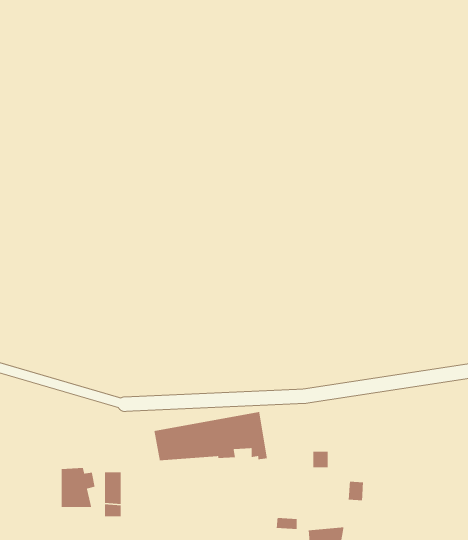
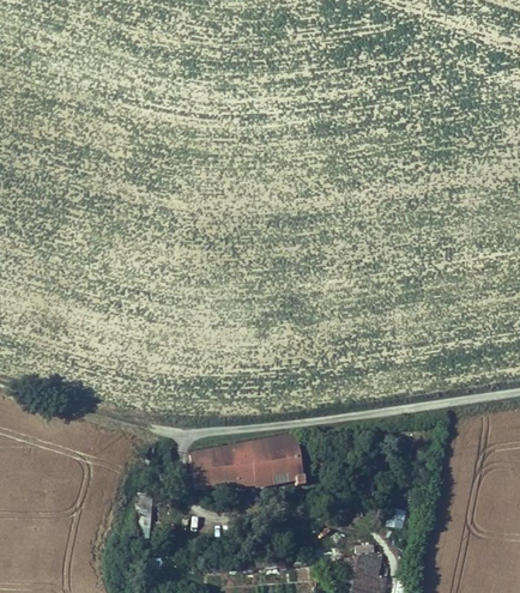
building: [61,467,96,508] -> none

